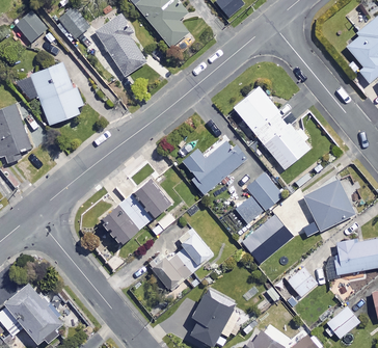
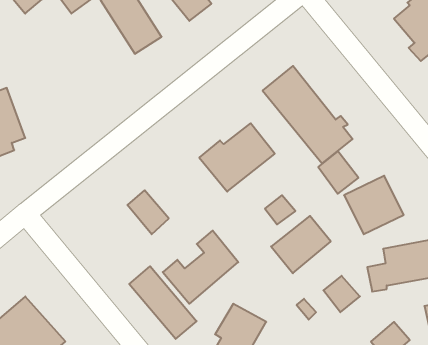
building: [29,62,82,126] -> none
building: [246,172,280,209] -> [318,151,358,194]
building: [132,178,171,217] -> none
building: [101,208,137,245] -> none
building: none -> [129,266,197,339]

